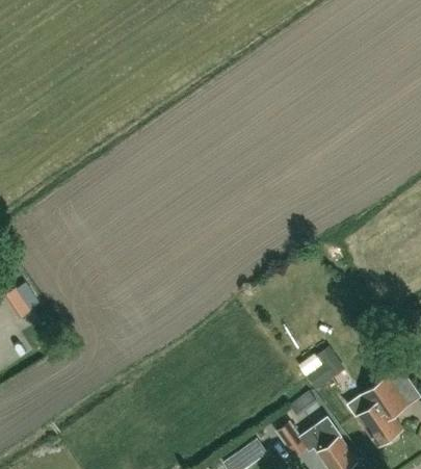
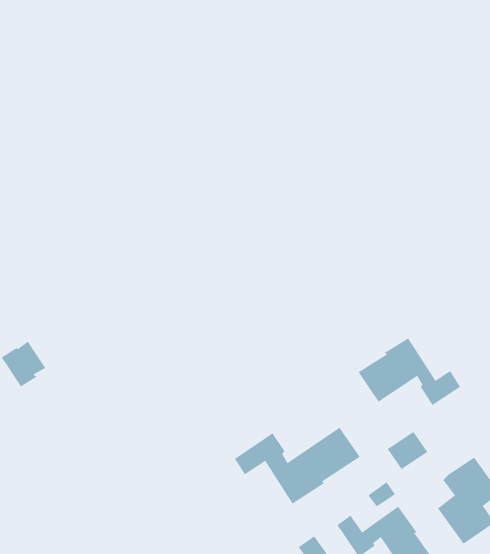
building: none -> [358,338,461,406]
building: none -> [234,427,361,504]

